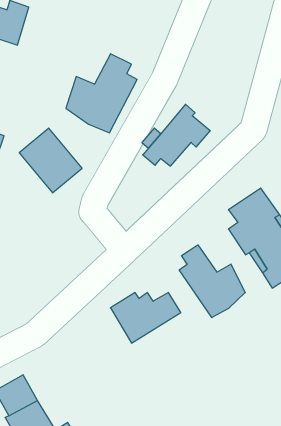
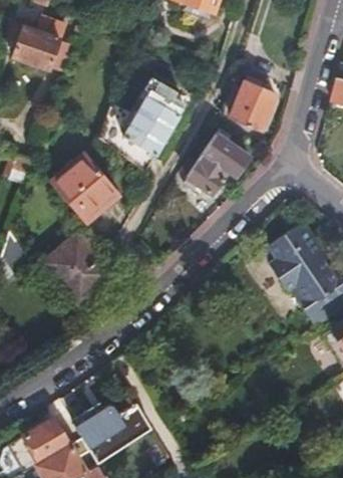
building: none -> [231,76,275,128]
building: none -> [44,235,110,303]
building: [179,245,245,318] -> none
building: [110,293,181,343] -> [74,405,148,458]

